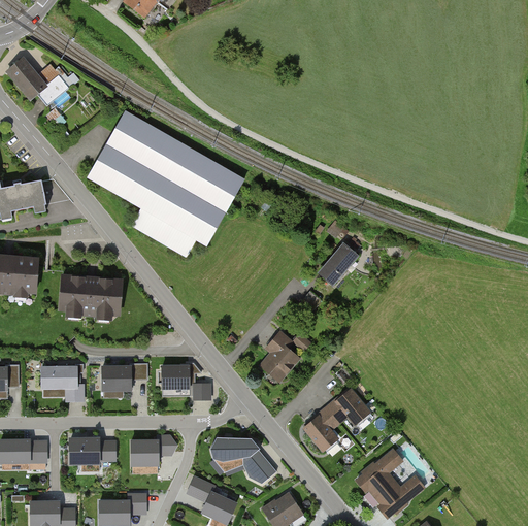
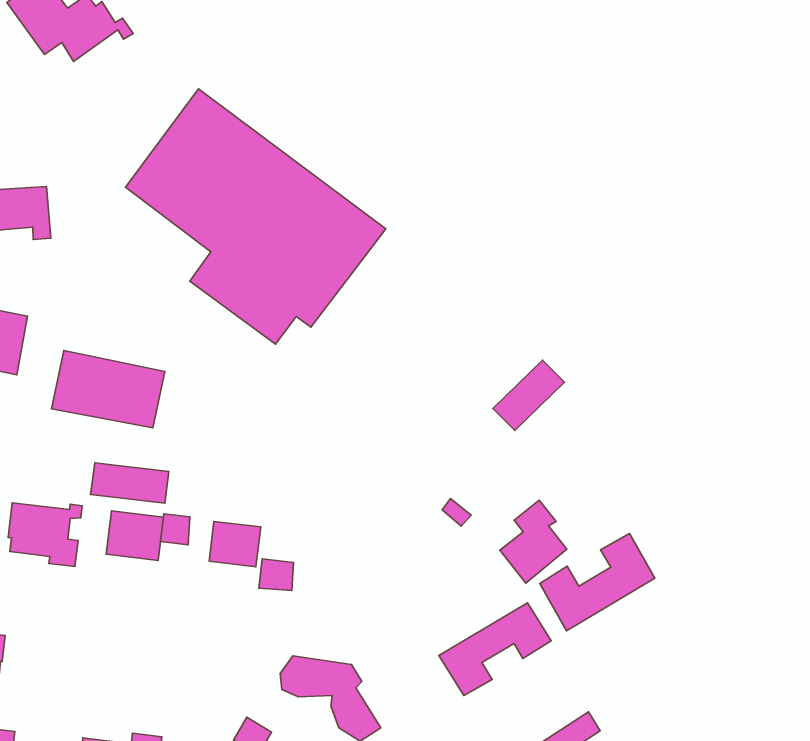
building: [260,330,299,380] -> [500,500,567,583]
building: none -> [91,463,169,503]
building: none -> [540,534,655,631]
building: [132,436,177,465] -> none
building: [71,439,117,462] -> none

